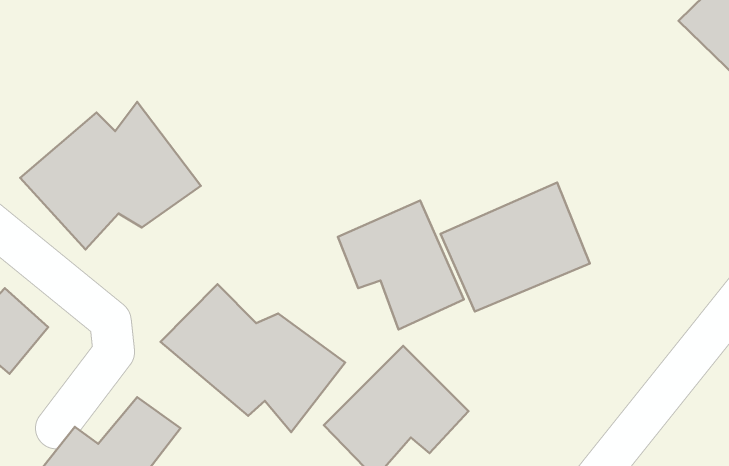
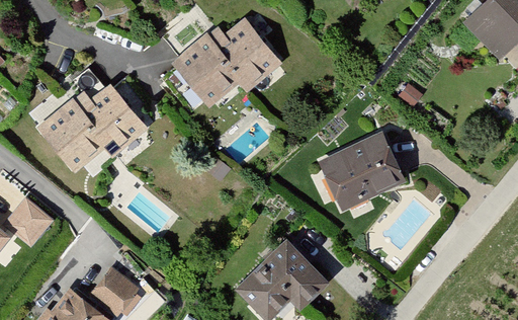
building: none -> [171,19,284,105]
building: [338,200,464,329] -> none
building: [160,284,345,432] -> none

